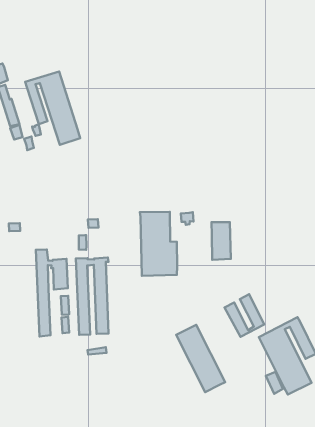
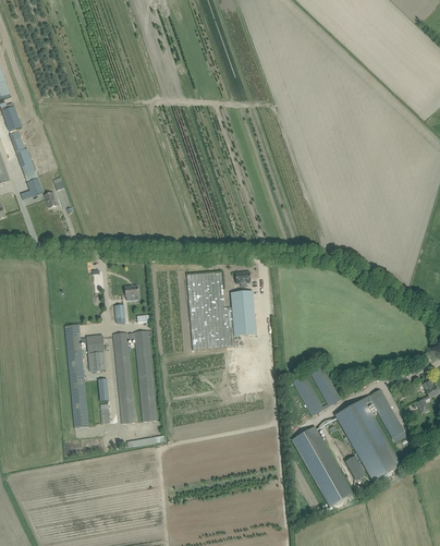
building: [25,72,80,145] -> none
building: [212,222,231,260] -> [231,290,256,336]
building: [176,325,225,392] -> [292,426,353,506]

